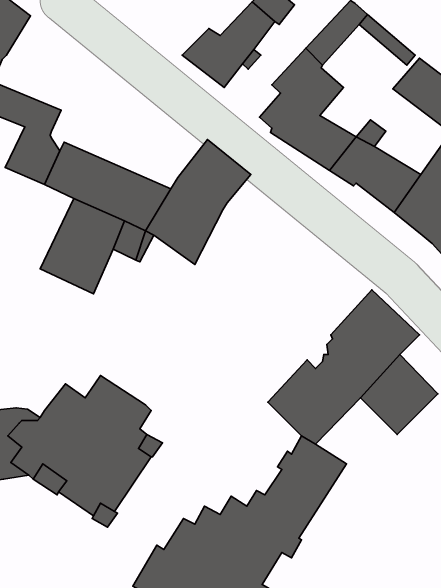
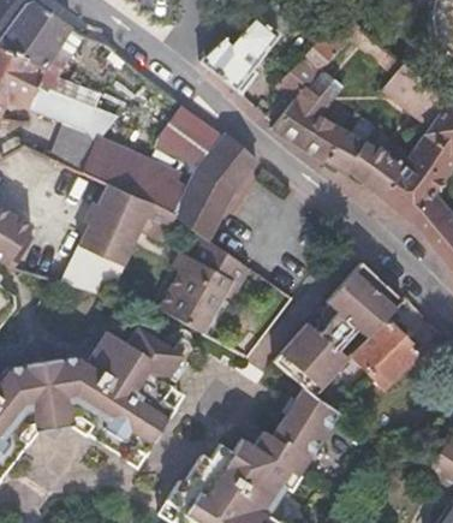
building: none -> [153,106,221,166]
building: none -> [159,240,249,332]
building: none -> [60,244,124,295]

